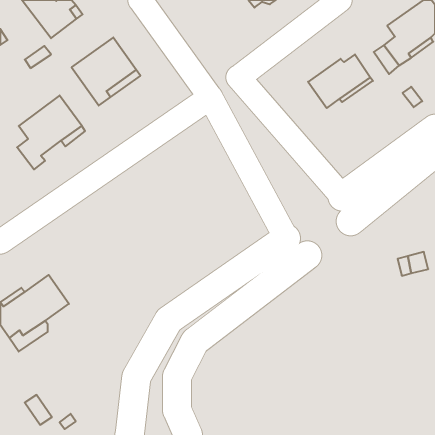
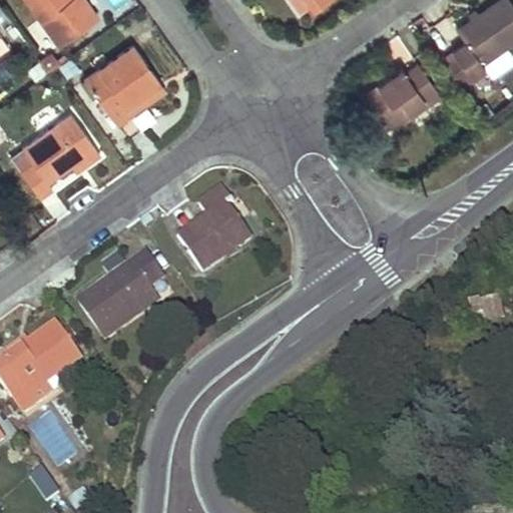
building: none -> [177,185,253,273]
building: none -> [77,253,171,339]

